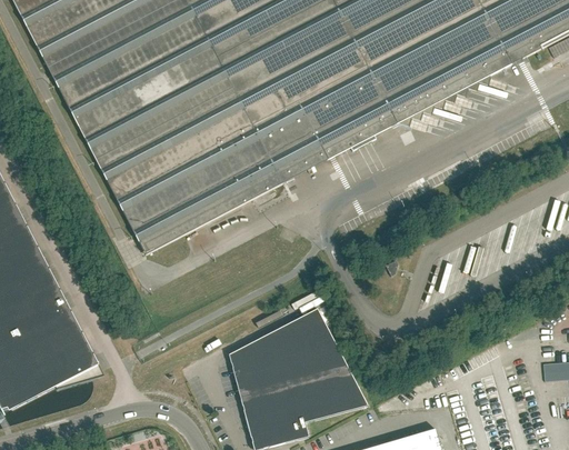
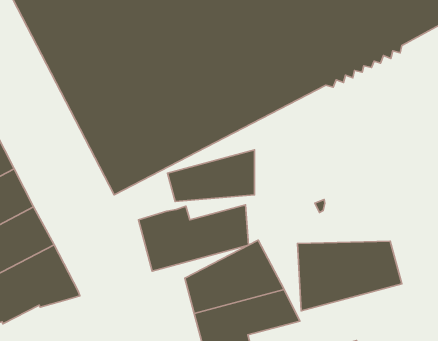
building: none -> [168,150,255,201]
building: none -> [138,205,248,271]
building: none -> [297,241,402,311]

